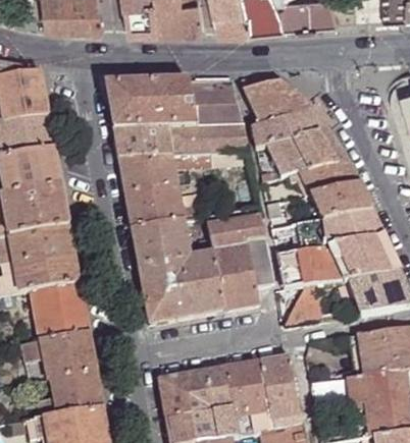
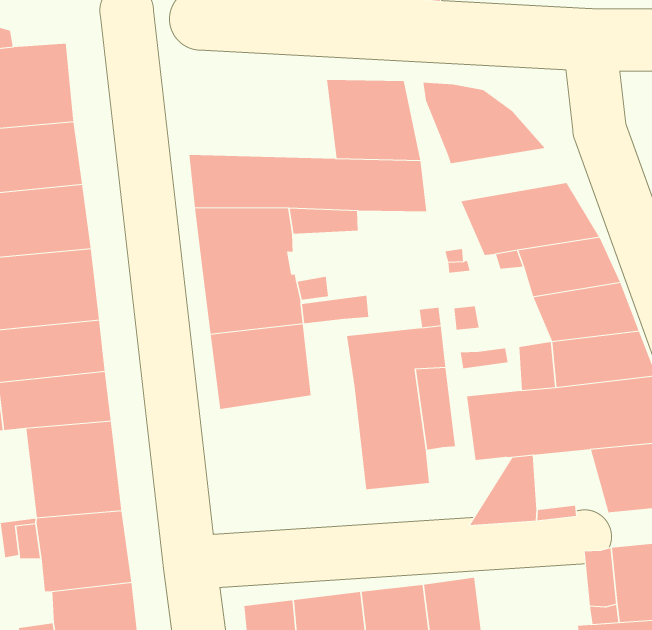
building: [105,82,196,129] -> none
building: [251,113,326,148] -> none
building: [140,254,224,325] -> none

